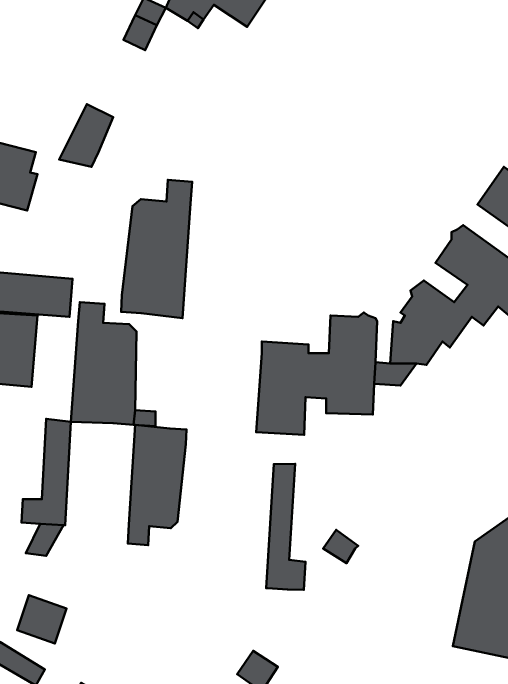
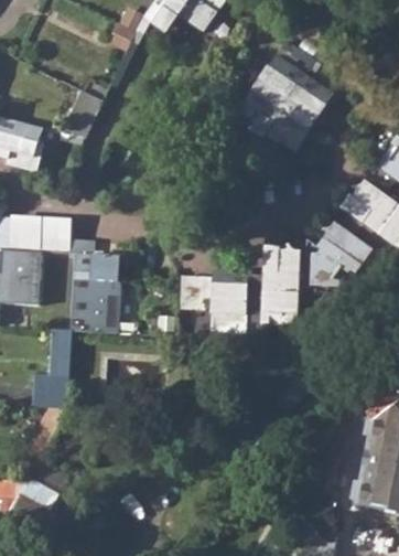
building: none -> [236,53,332,150]
building: [121,180,192,318] -> none
building: none -> [179,275,213,308]
building: [128,425,187,545] -> none
building: [266,464,305,590] -> none

